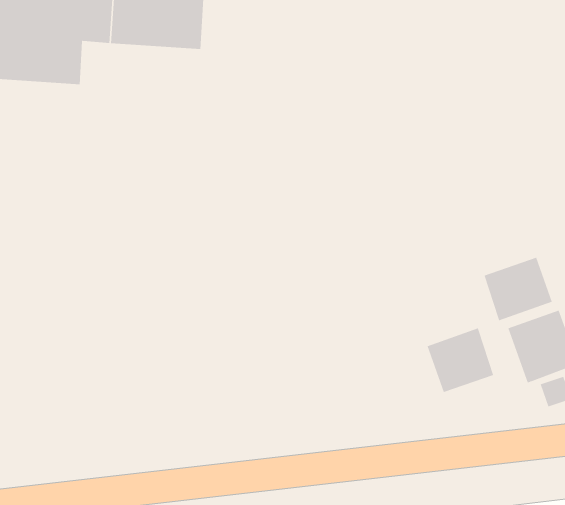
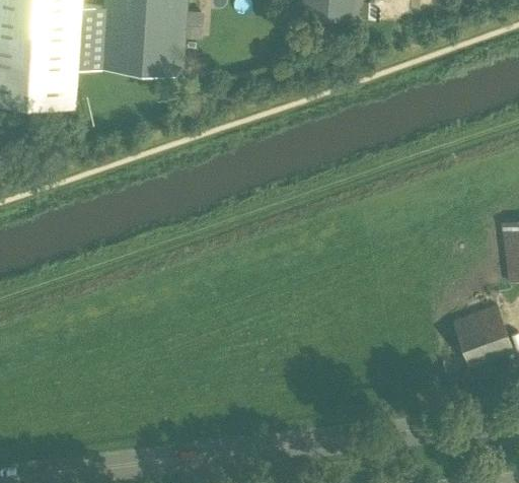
building: [484,257,552,321] -> none
building: [427,328,494,393] -> none

